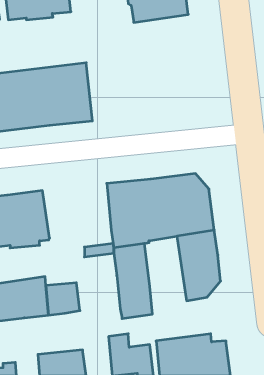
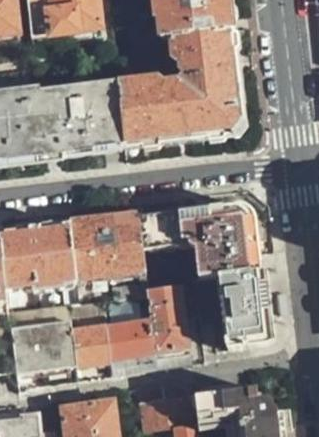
building: none -> [116,27,239,146]
building: none -> [67,216,144,277]
building: none -> [105,319,154,358]

